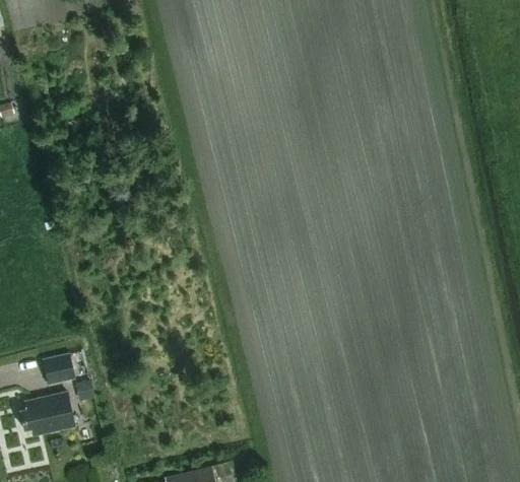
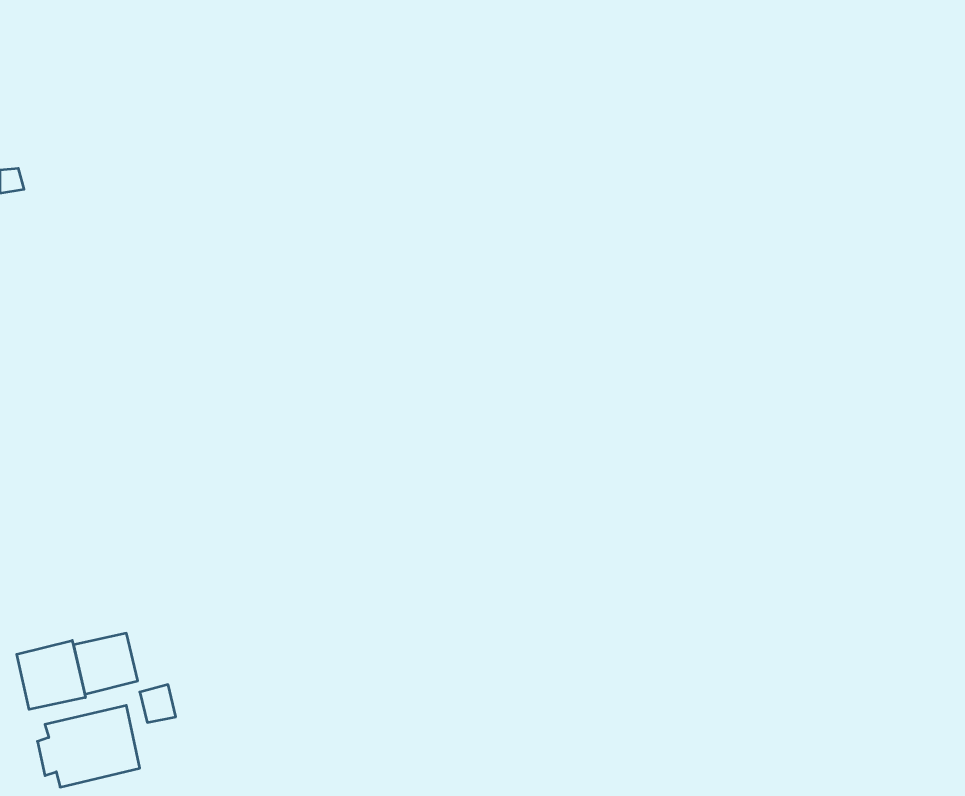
building: none -> [17,640,85,709]

